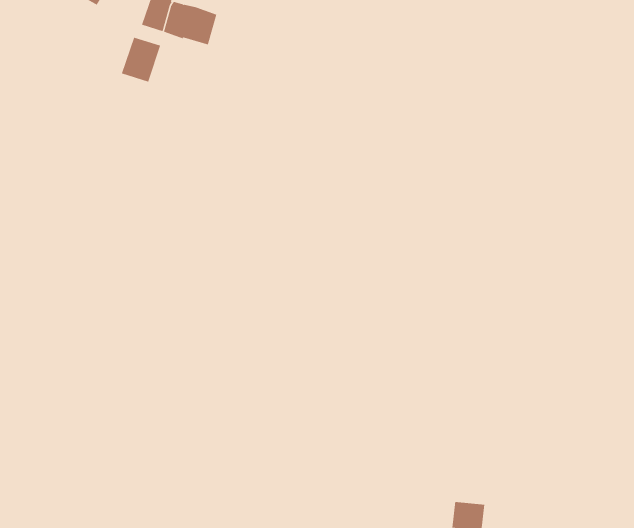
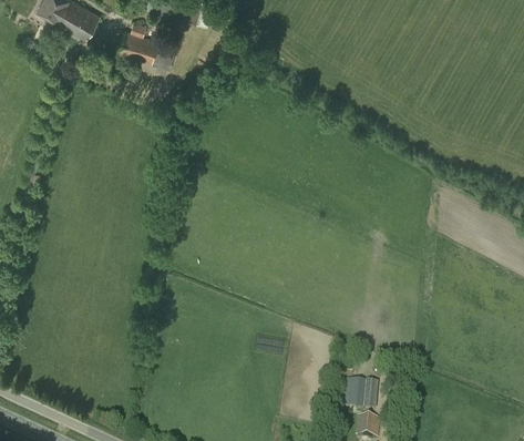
building: [121,37,161,82] -> none
building: none -> [342,378,379,409]

